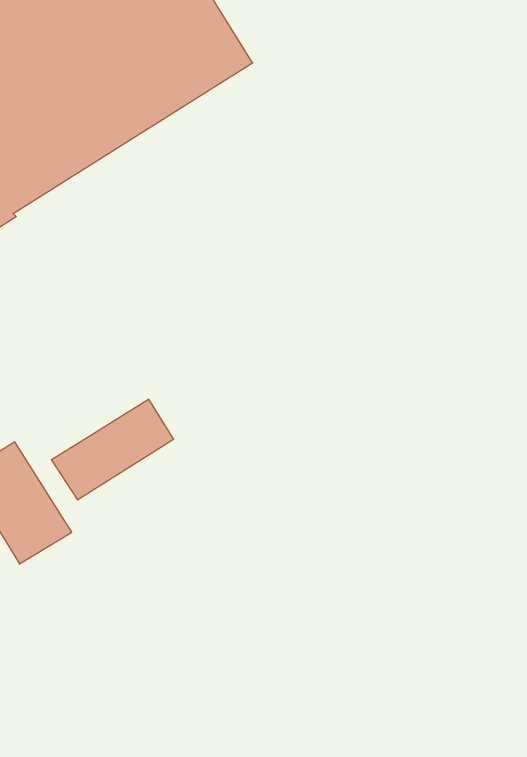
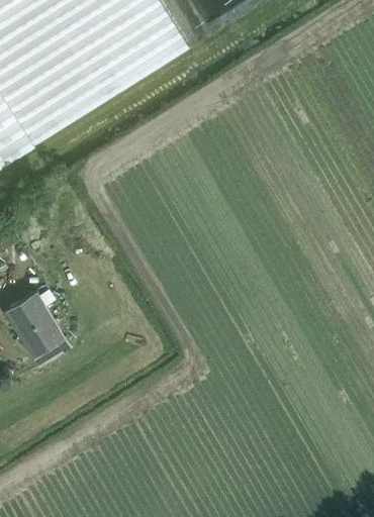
building: [52,399,174,500] -> none

